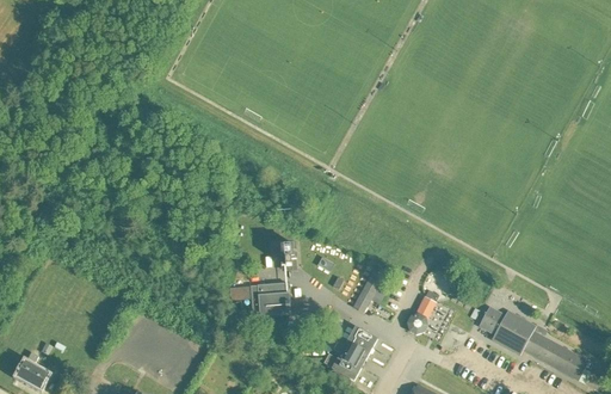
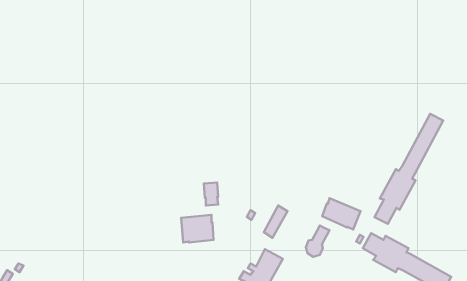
building: none -> [375,114,443,224]
building: none -> [322,198,360,230]

